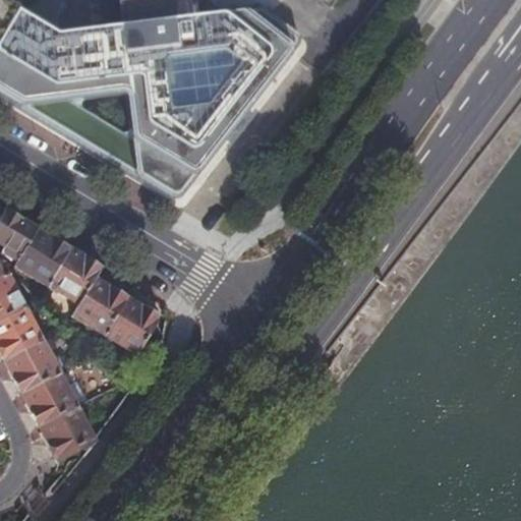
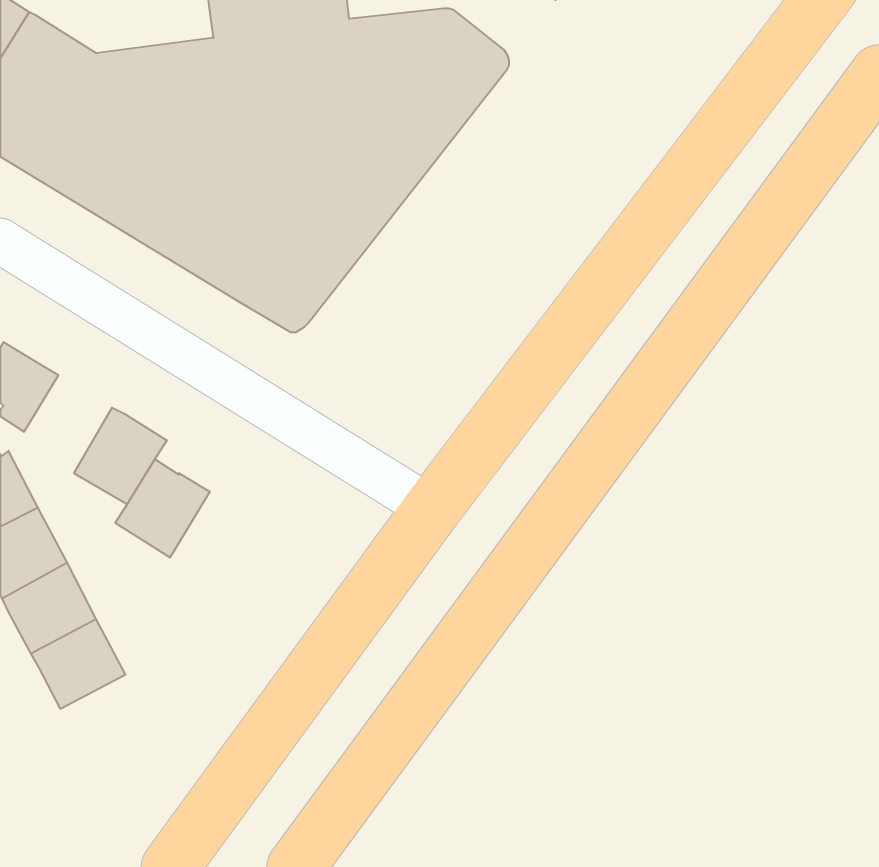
building: [11,222,66,280] -> none
building: [101,291,156,349] -> none
building: [36,399,92,453] -> none

